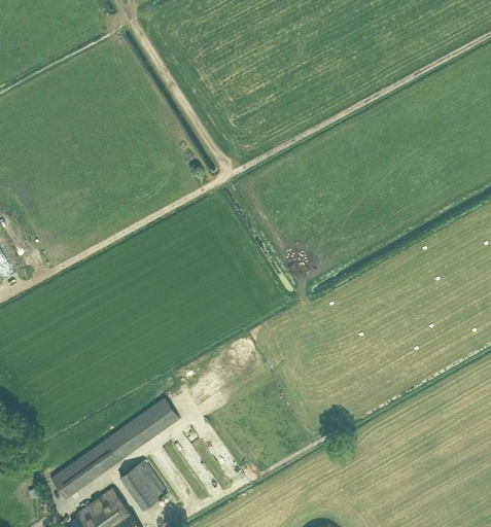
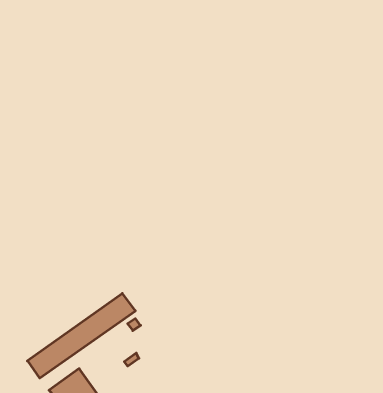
building: [119,462,163,510] -> none

